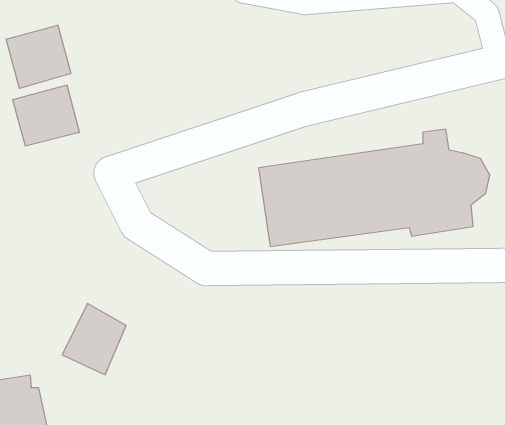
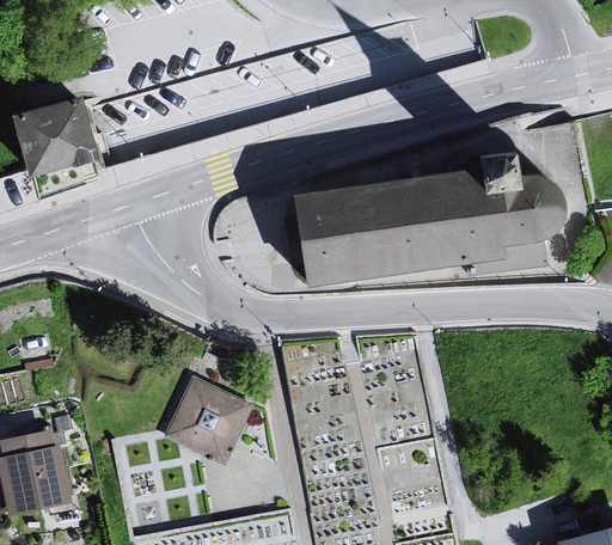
building: [6,25,71,89] -> none
building: [62,303,126,375] -> [169,376,241,458]

